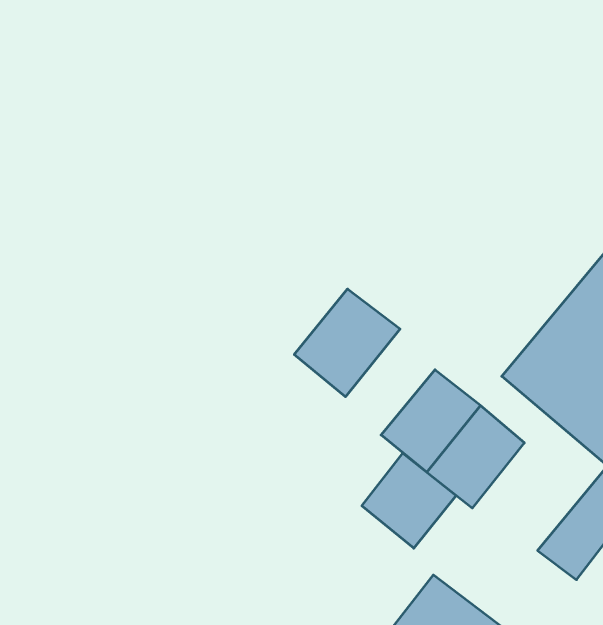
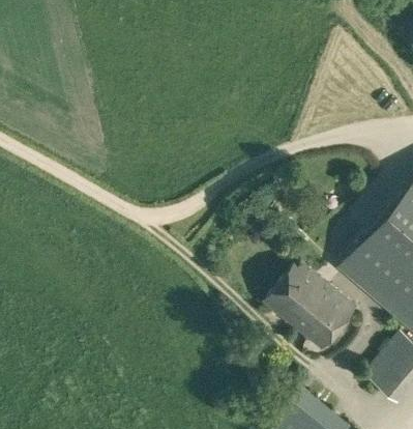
building: [294,289,400,397] -> none
building: [362,453,456,548] -> none

